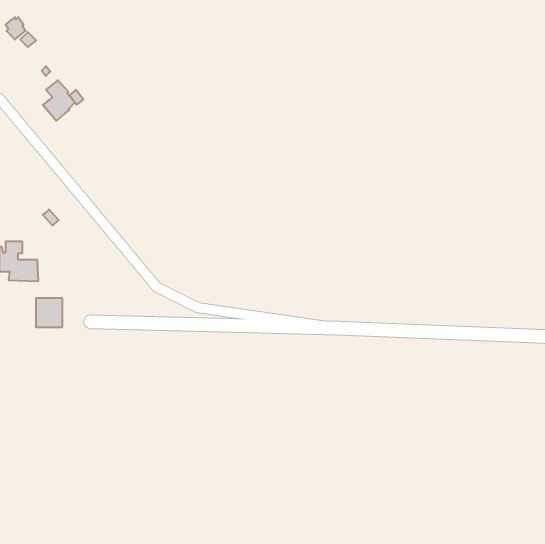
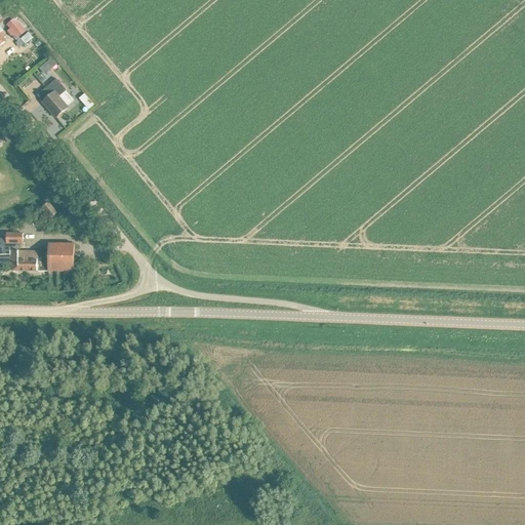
building: [36,298,62,327] -> [47,242,73,270]

